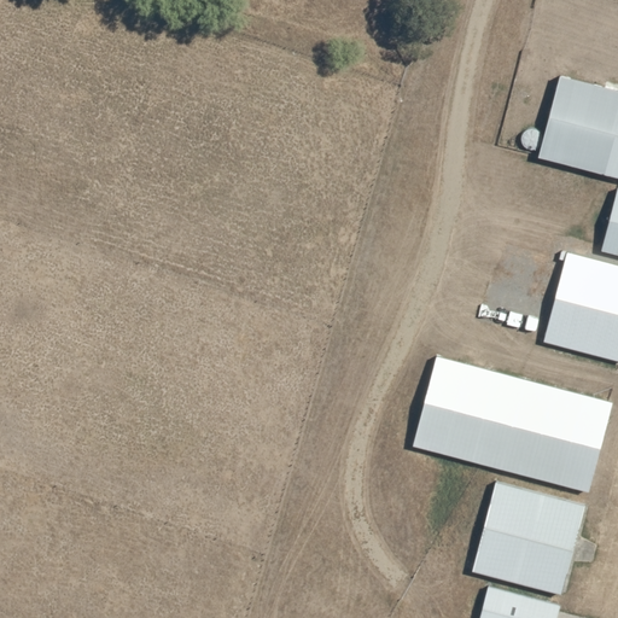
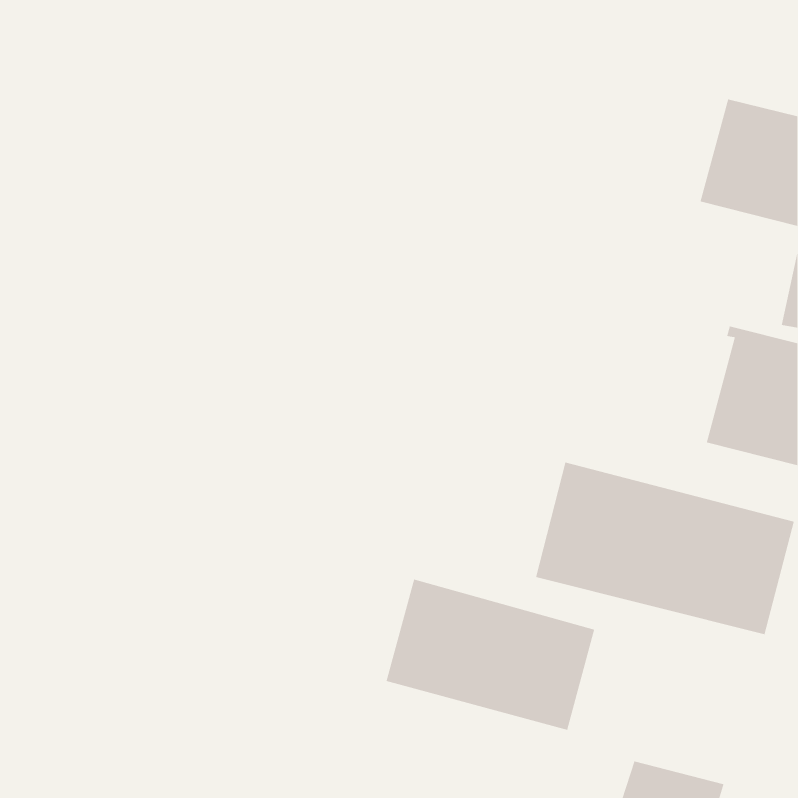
building: none -> [386,579,595,731]
building: [472,483,585,595] -> none

